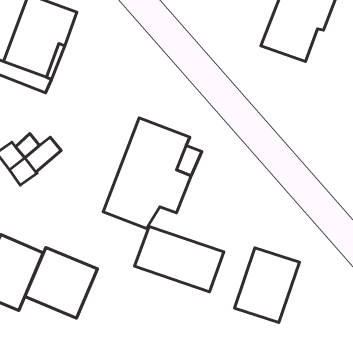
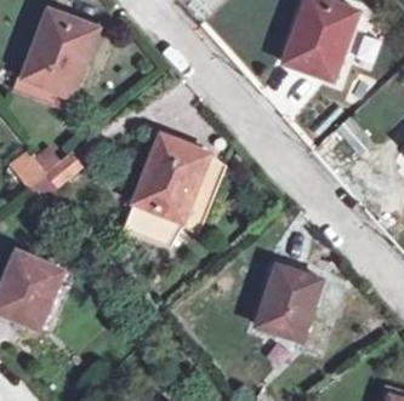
building: [135,226,224,292] -> none
building: [25,247,98,318] -> none

